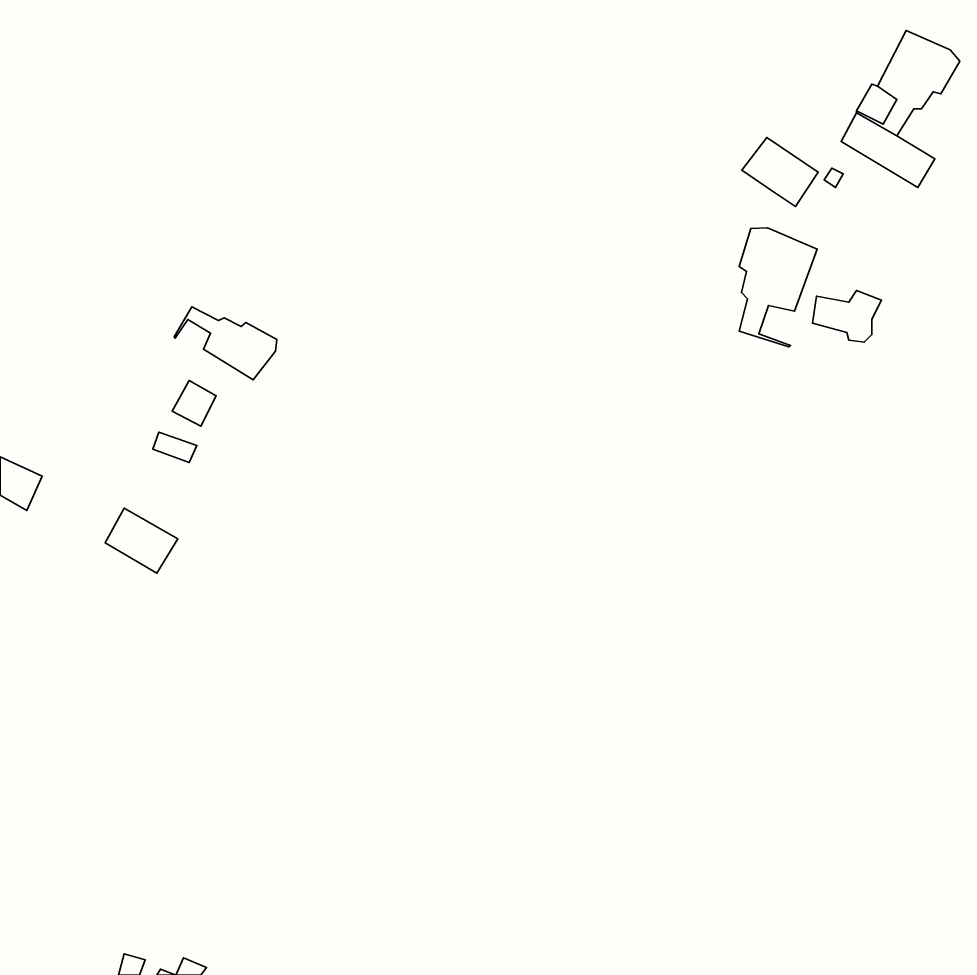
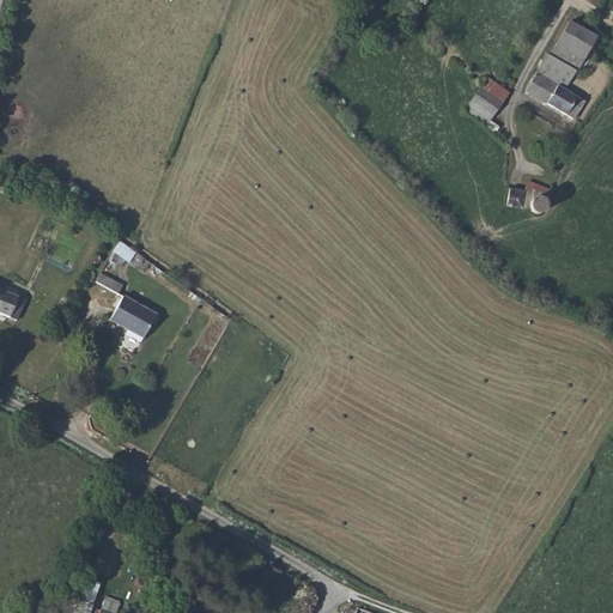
building: [739,228,817,347] -> none
building: [174,307,277,380] -> none
building: [105,508,178,573] -> [109,296,154,336]

